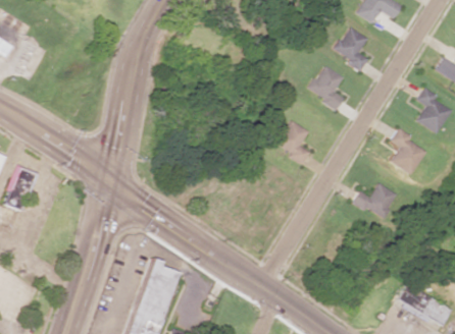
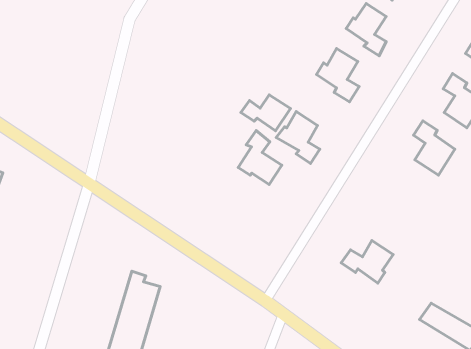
building: none -> [241,95,291,131]
building: none -> [238,131,282,184]
building: [353,183,398,220] -> [341,240,393,283]

